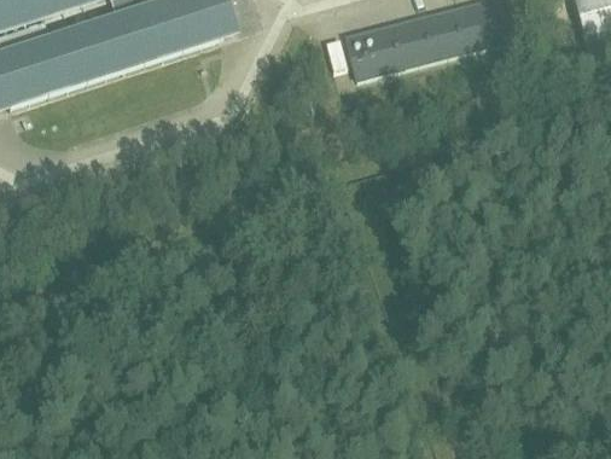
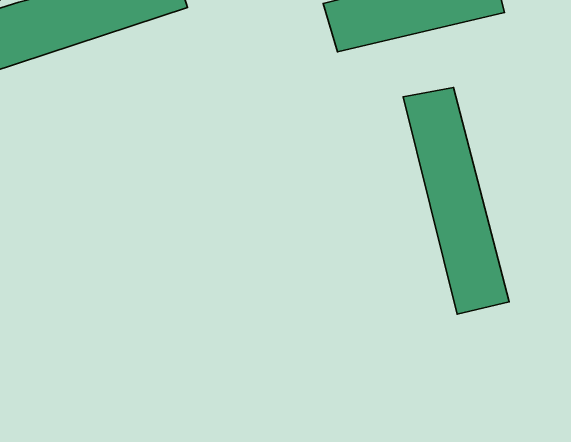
building: none -> [403,88,509,314]

